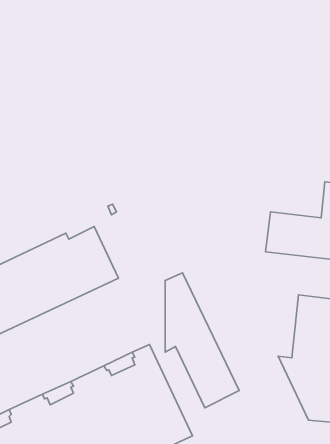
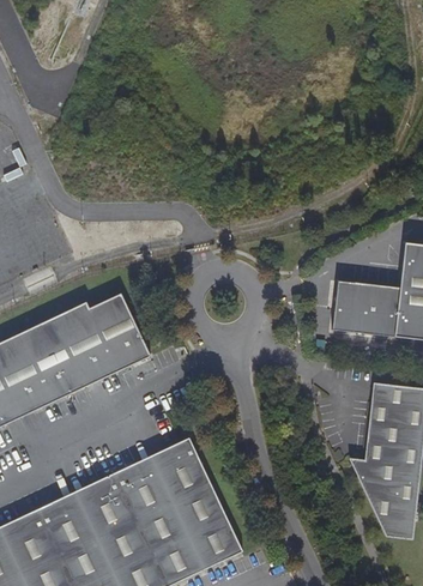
building: [165,273,239,408] -> none

